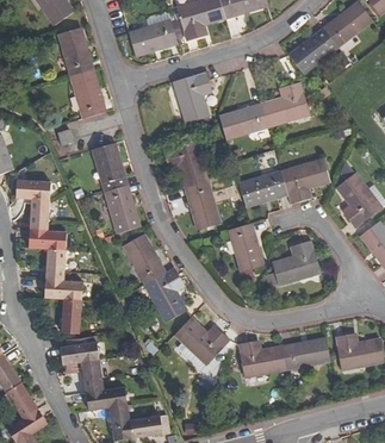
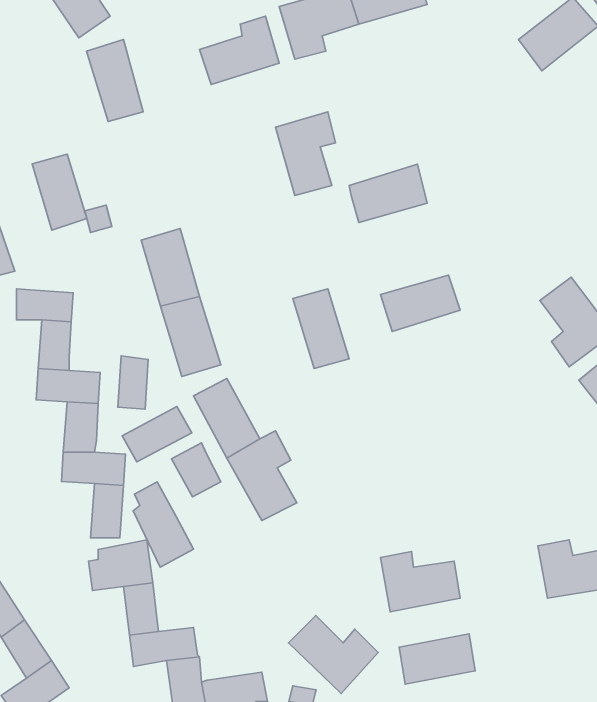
building: [288,27,337,74] -> none
building: [72,71,105,118] -> [32,154,87,230]
building: [261,81,310,127] -> none
building: [162,137,206,186] -> none
building: [280,160,330,204] -> none
building: none -> [118,356,148,409]
building: [229,223,263,272] -> none
building: [267,241,321,285] -> none
building: none -> [122,407,192,462]
building: none -> [171,443,221,497]
building: none -> [133,482,194,567]
building: [174,318,229,366] -> [289,616,378,693]
building: [284,338,330,369] -> [399,634,475,684]

